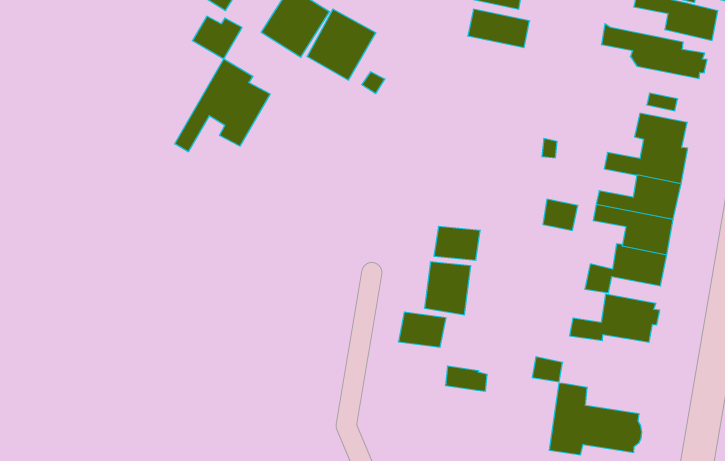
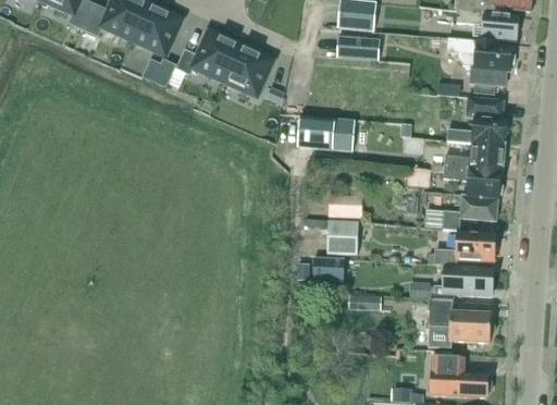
building: [175,59,270,152] -> none
building: none -> [298,116,356,151]
building: none -> [433,266,492,299]

